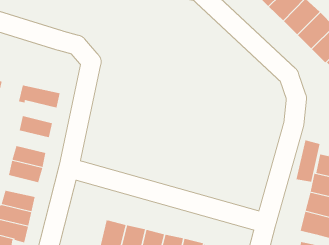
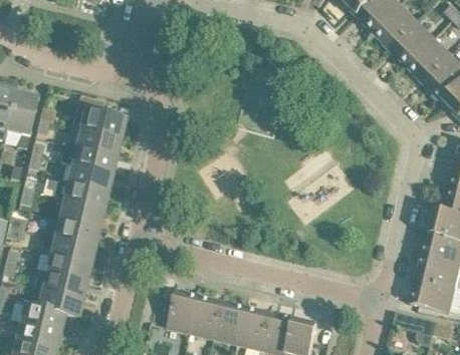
building: none -> [73,95,124,136]
building: none -> [73,145,116,172]
building: none -> [53,179,106,209]
building: [296,140,320,183] -> none
building: none -> [52,236,93,262]

